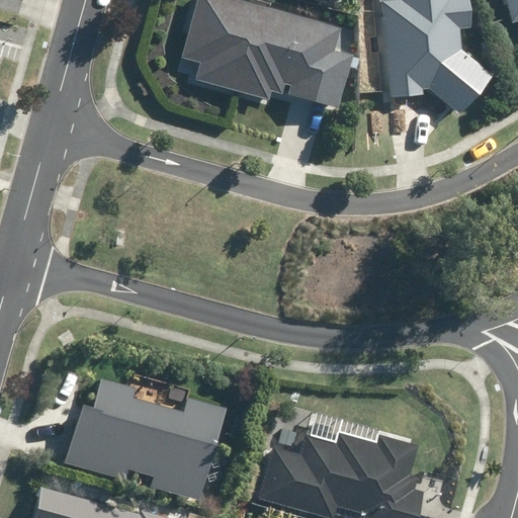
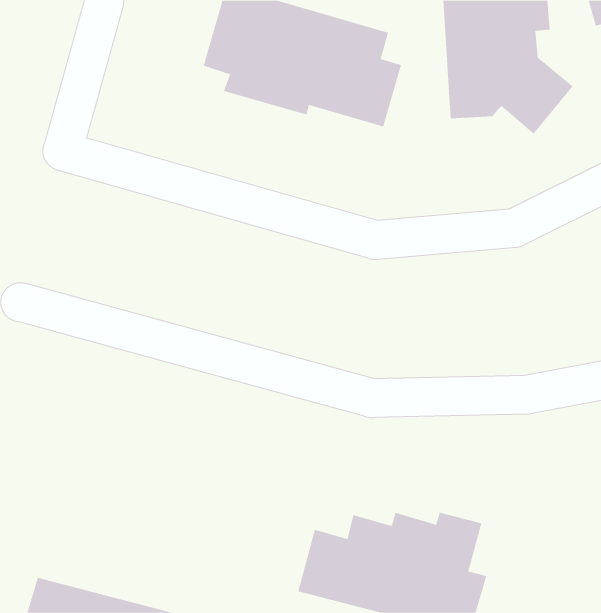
building: [66,376,220,502] -> none

